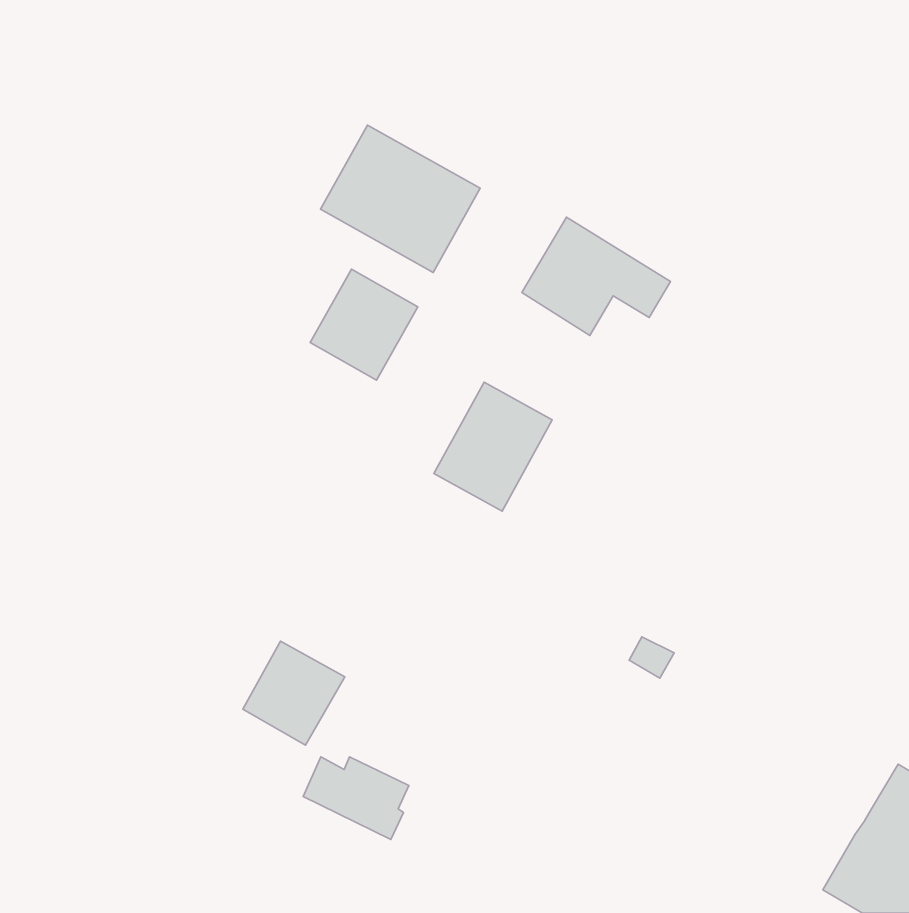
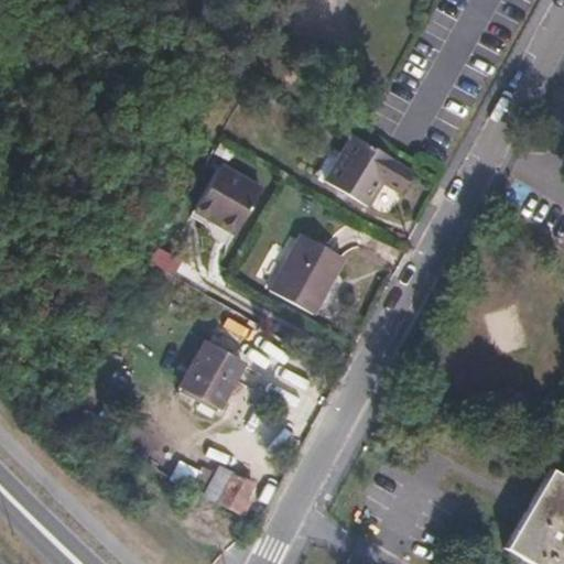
building: [321,125,480,272] -> none
building: [243,641,345,745] -> [181,343,243,406]

